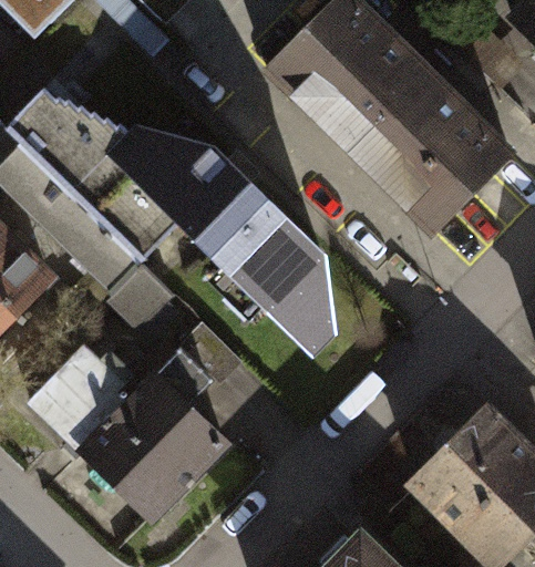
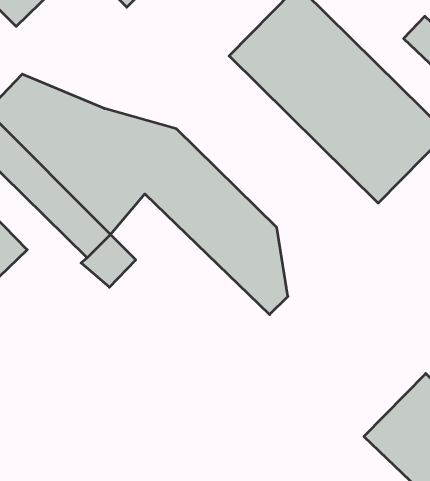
building: [29,350,223,520] -> none

